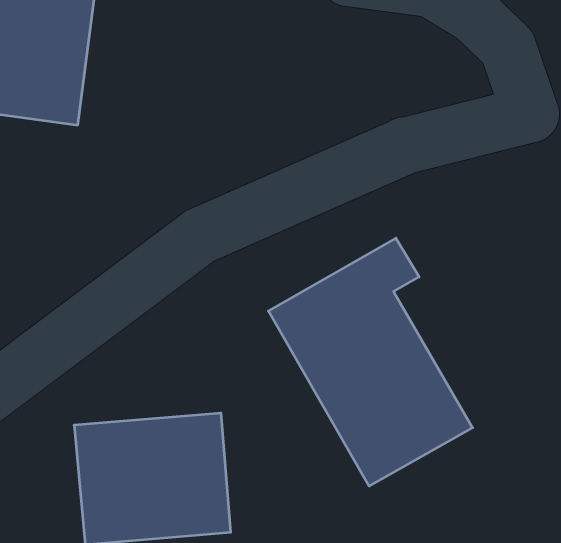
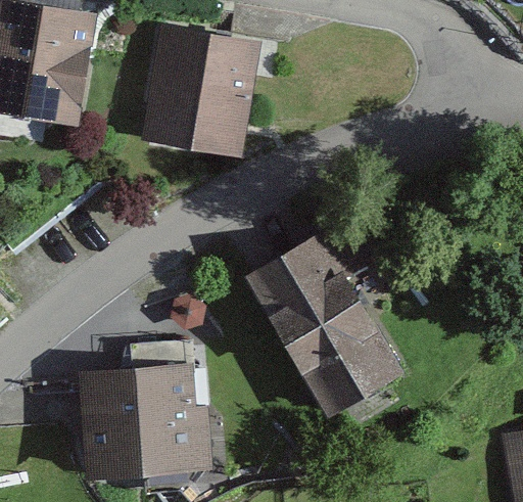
building: none -> [148,29,264,153]

